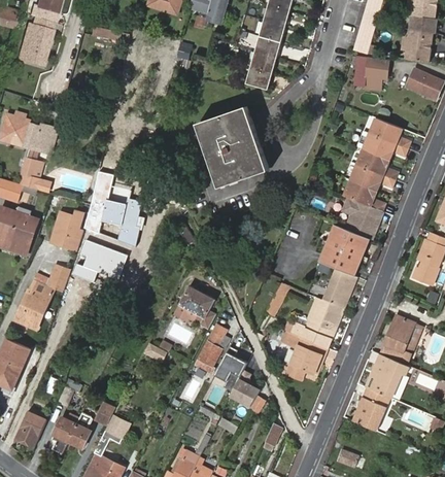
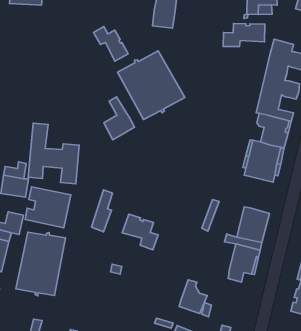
building: none -> [94,26,128,61]
building: none -> [223,24,265,47]
building: none -> [104,97,135,140]
building: [322,268,355,309] -> none
building: none -> [16,232,66,296]
building: [197,325,226,371] -> [92,190,113,232]
building: [213,346,246,390] -> none

